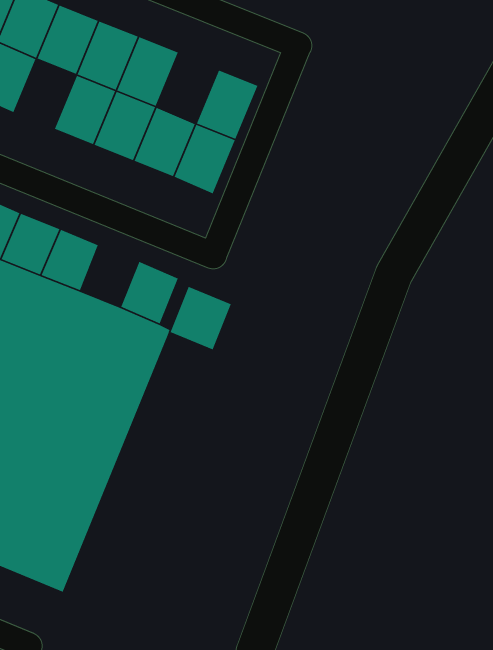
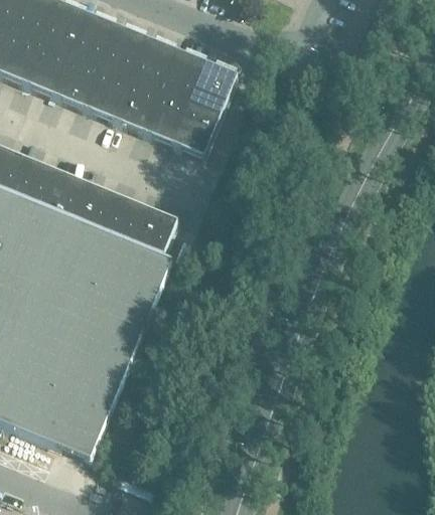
building: none -> [159,46,206,101]
building: none -> [51,51,99,105]
building: none -> [102,192,146,239]
building: [170,286,232,351] -> none

